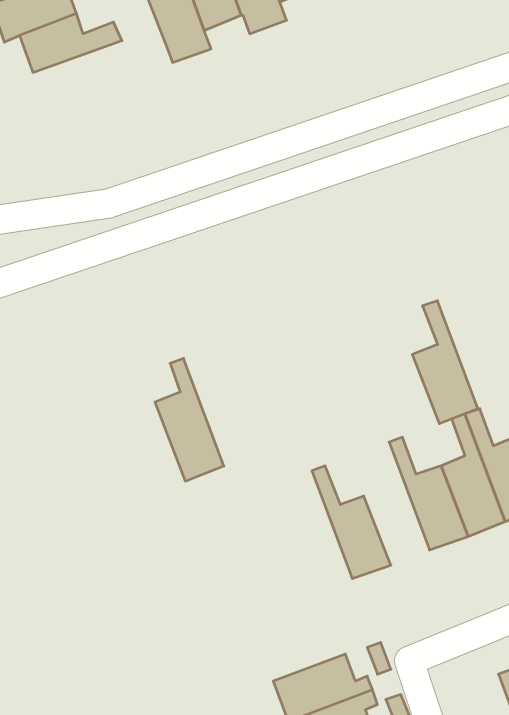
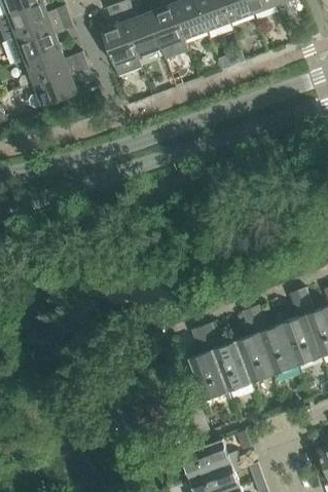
building: none -> [28,63,90,108]
building: [412,301,478,424] -> [234,308,275,383]
building: [155,358,224,481] -> [185,326,227,401]

